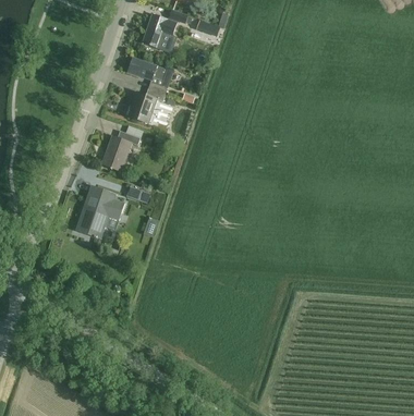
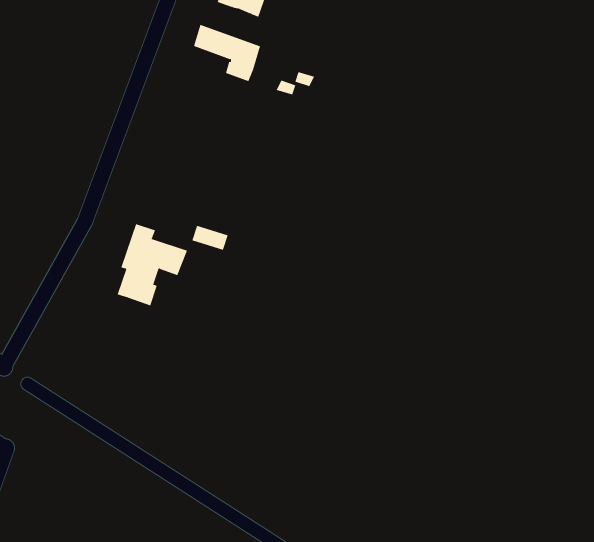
building: [125,88,163,123] -> none
building: [102,131,138,171] -> none

